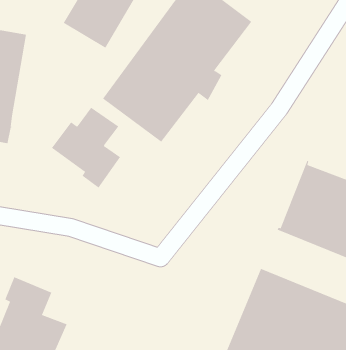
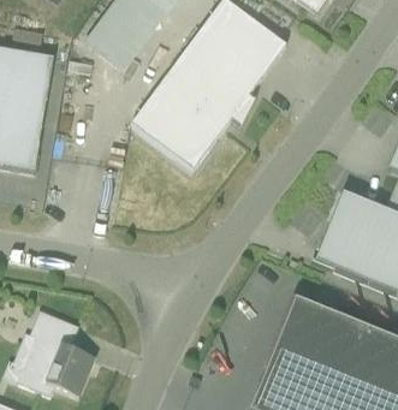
building: [51,107,121,189] -> none

